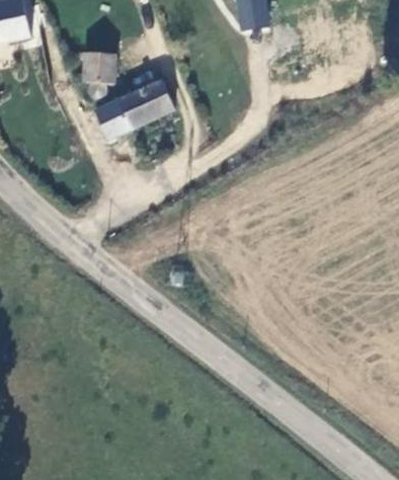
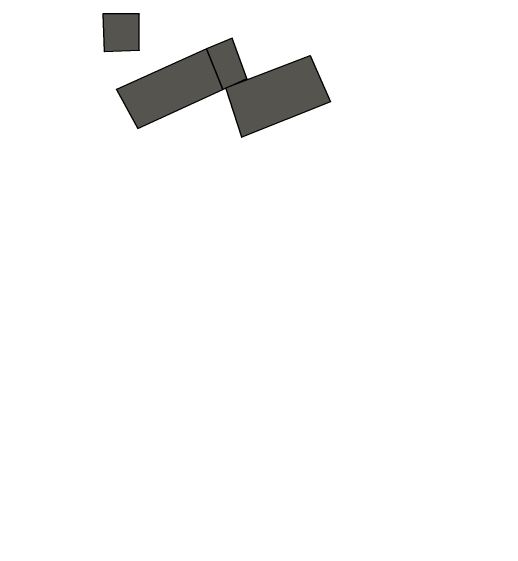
building: none -> [226,56,330,137]

